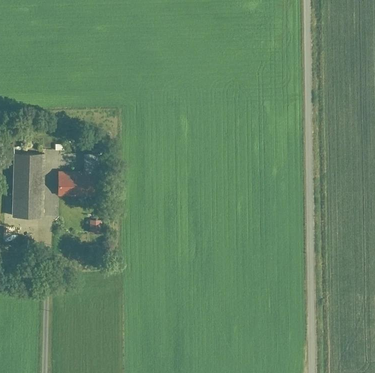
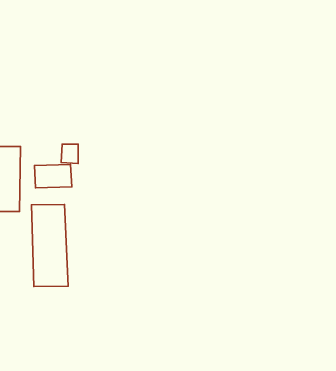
building: none -> [32,204,68,286]

